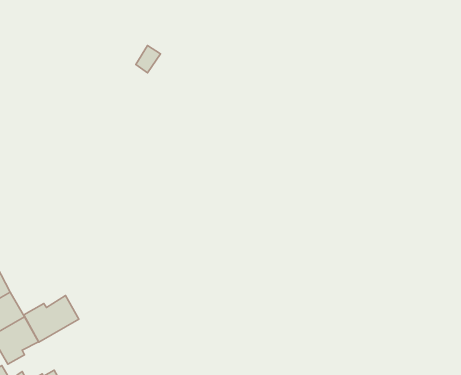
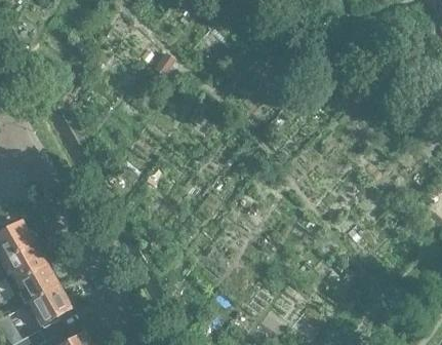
building: [24,296,79,342] -> none

